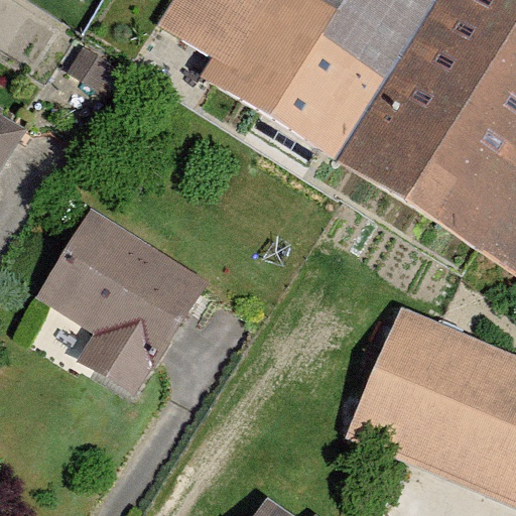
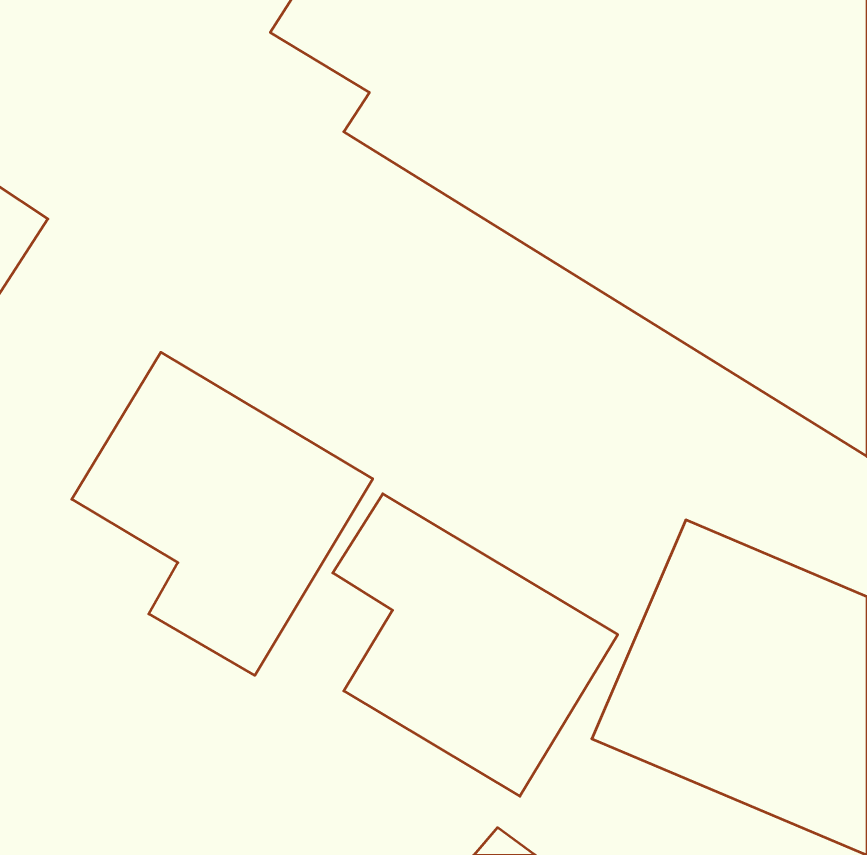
building: none -> [333,494,618,796]

